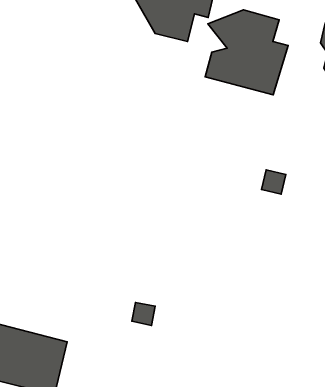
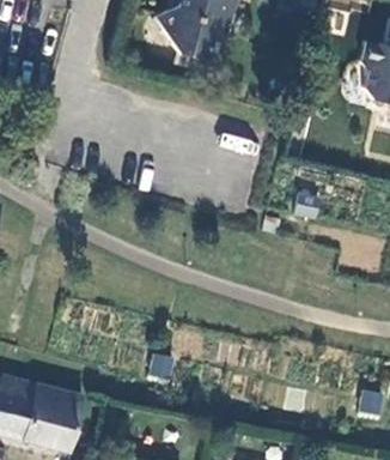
building: [205,10,288,95] -> none

